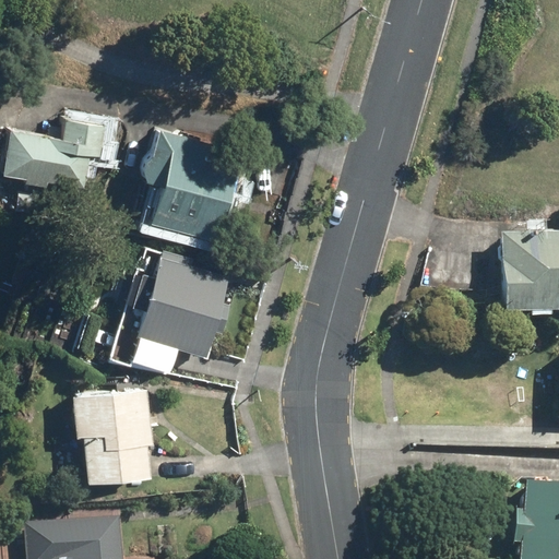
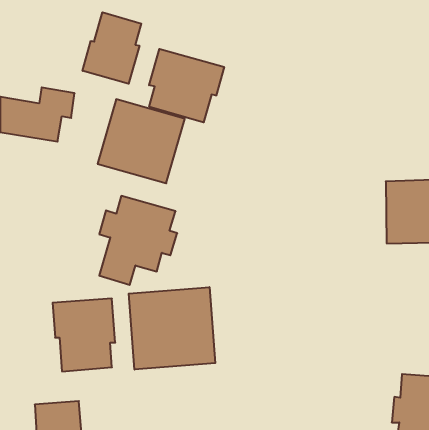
building: none -> [83,12,141,84]
building: none -> [149,49,224,122]
building: none -> [129,287,215,370]

